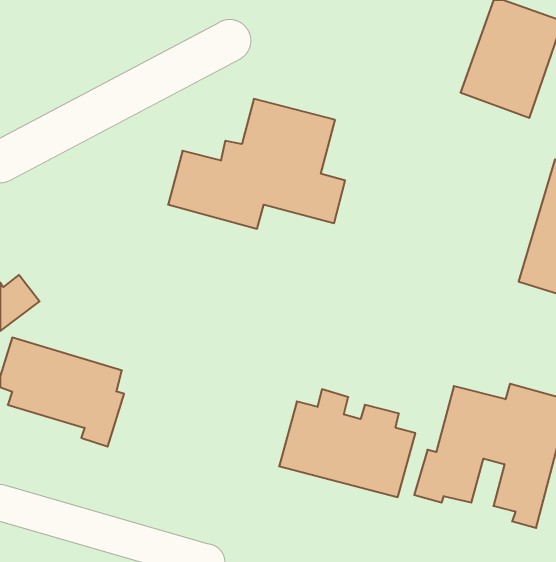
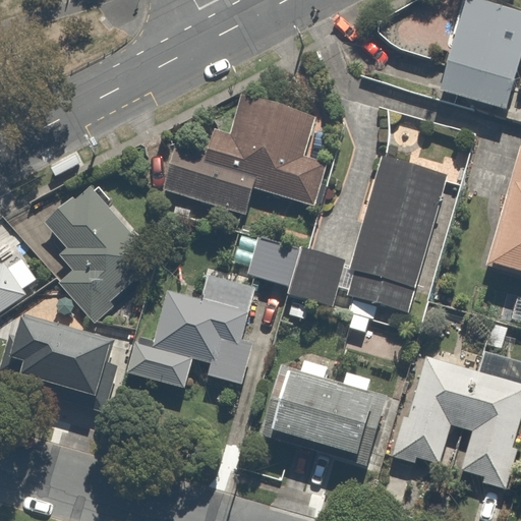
building: none -> [346,162,445,313]
building: none -> [50,188,161,313]
building: none -> [247,238,339,305]
building: none -> [134,280,256,388]

